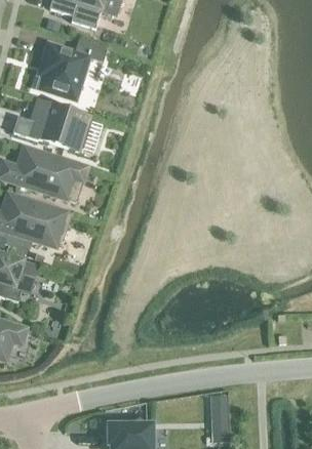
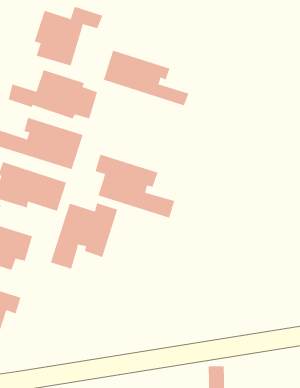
building: none -> [103,50,189,106]
building: none -> [95,154,175,218]
building: none -> [50,203,118,270]

